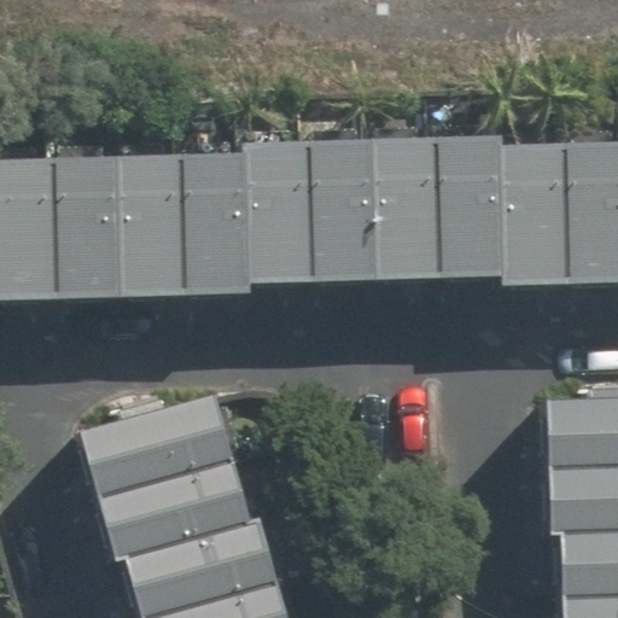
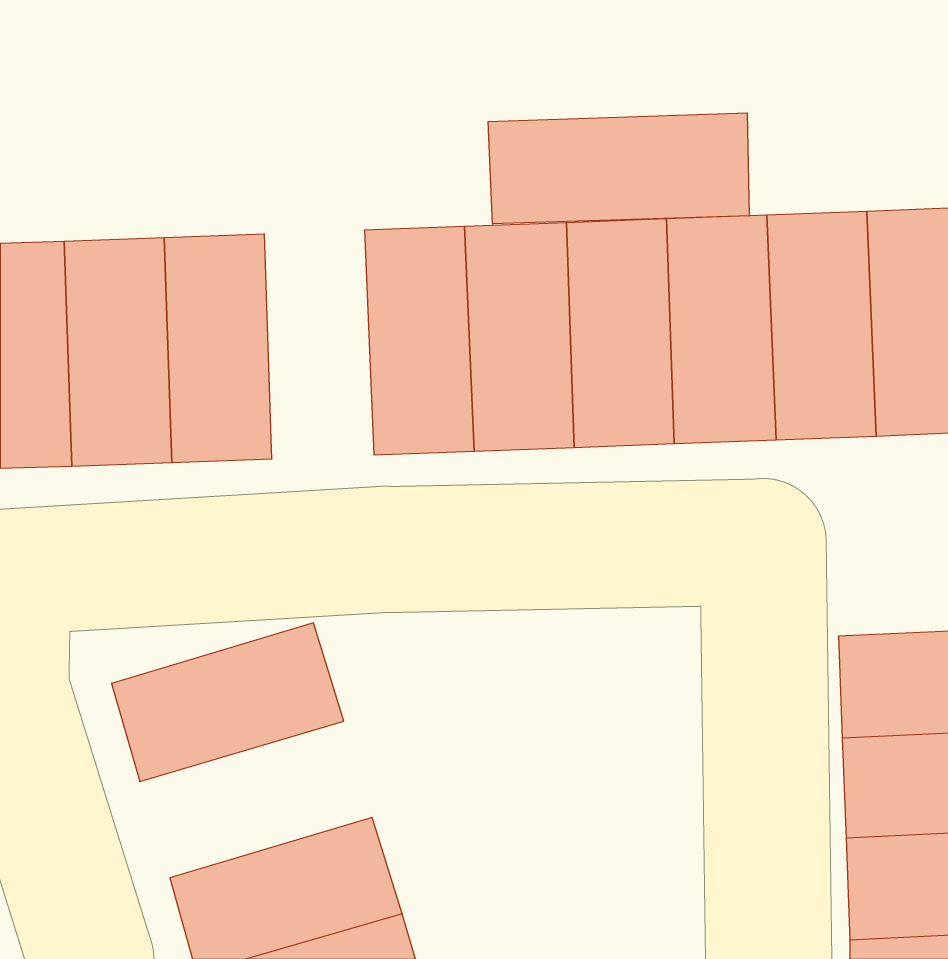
building: none -> [488,113,749,224]
building: [180,147,250,293] -> none
building: [100,461,249,561] -> none

